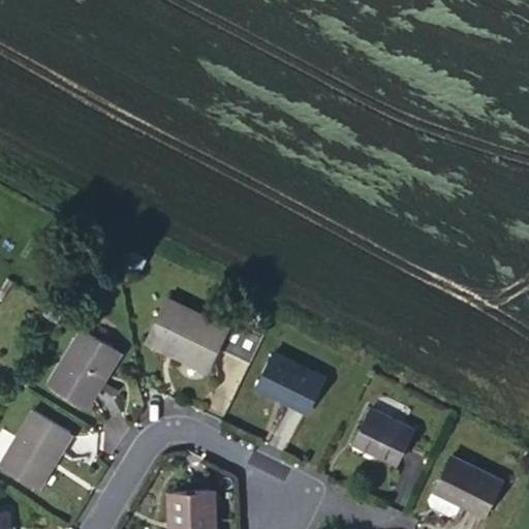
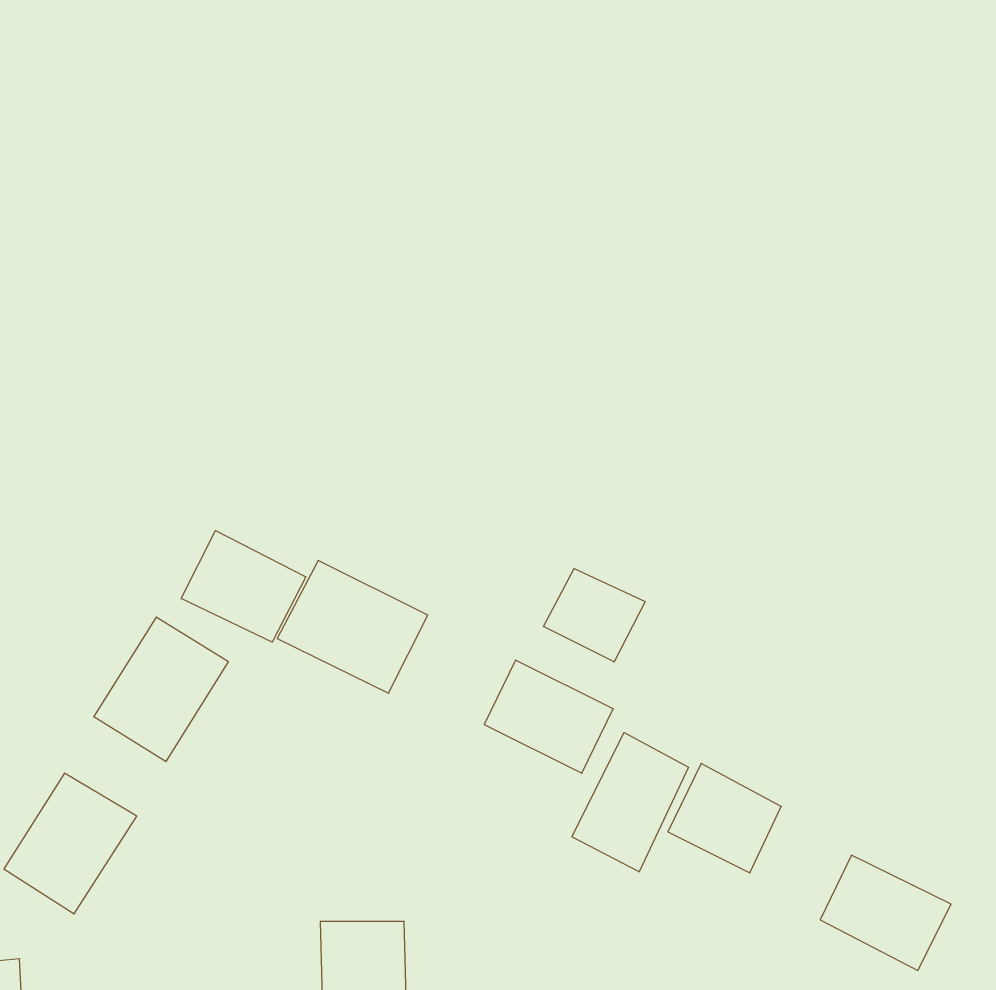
building: none -> [181,531,306,642]
building: none -> [543,569,645,662]
building: none -> [572,733,688,872]

